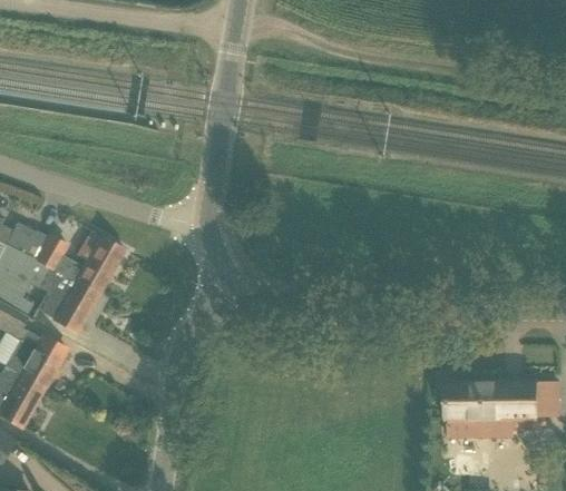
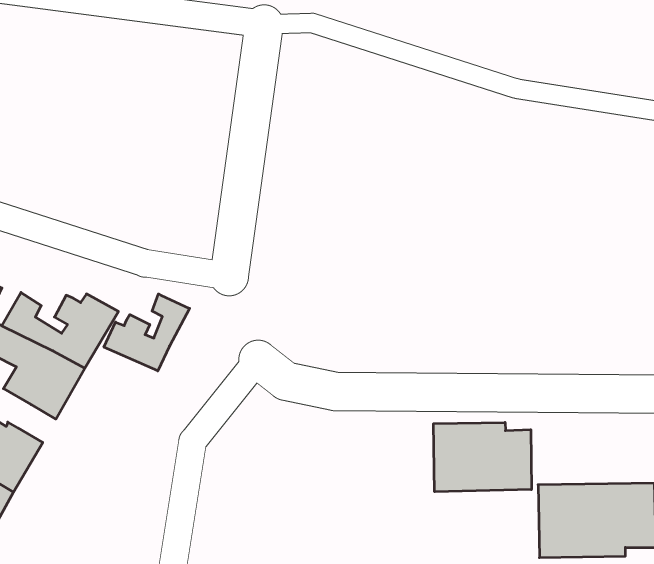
building: none -> [104,294,190,371]
building: none -> [434,422,531,492]

